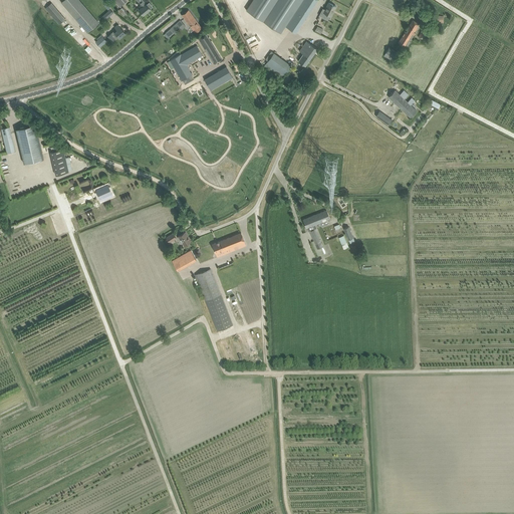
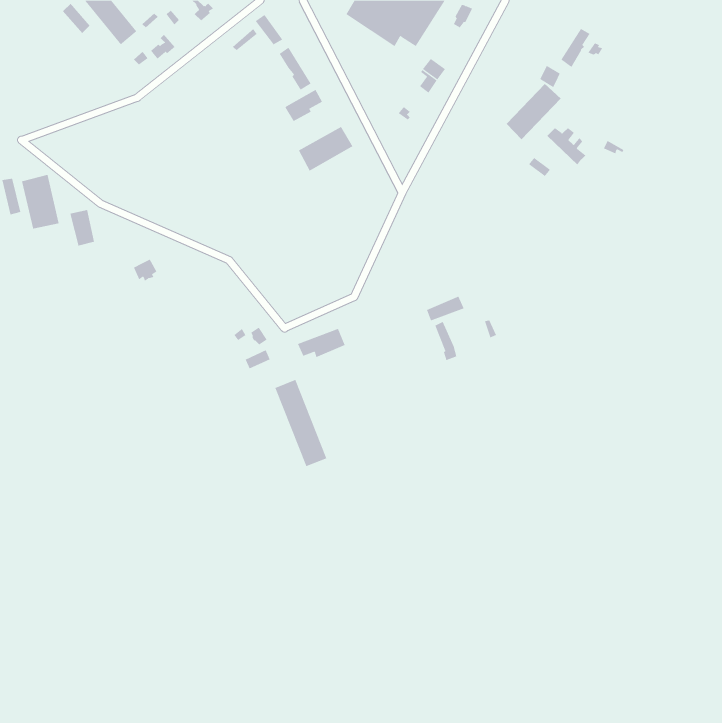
building: [169,45,201,80] -> none
building: [264,51,290,78] -> none
building: none -> [506,83,561,140]
building: none -> [298,126,353,172]

